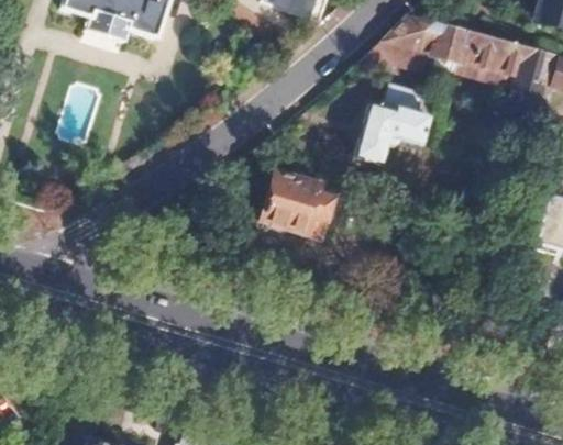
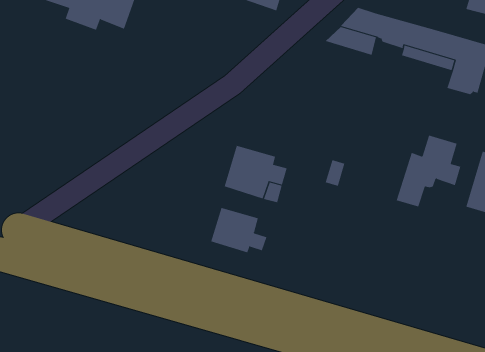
building: [357,82,432,165] -> [396,135,461,207]
building: none -> [211,207,267,253]

